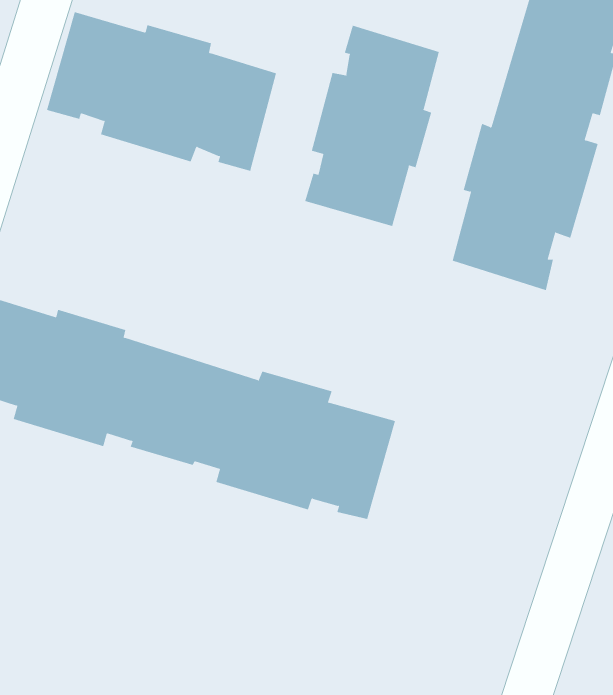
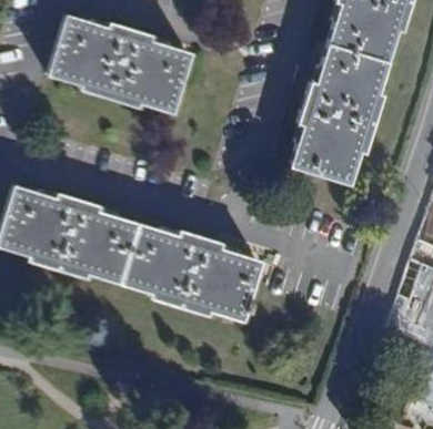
building: [305,25,439,227] -> none

